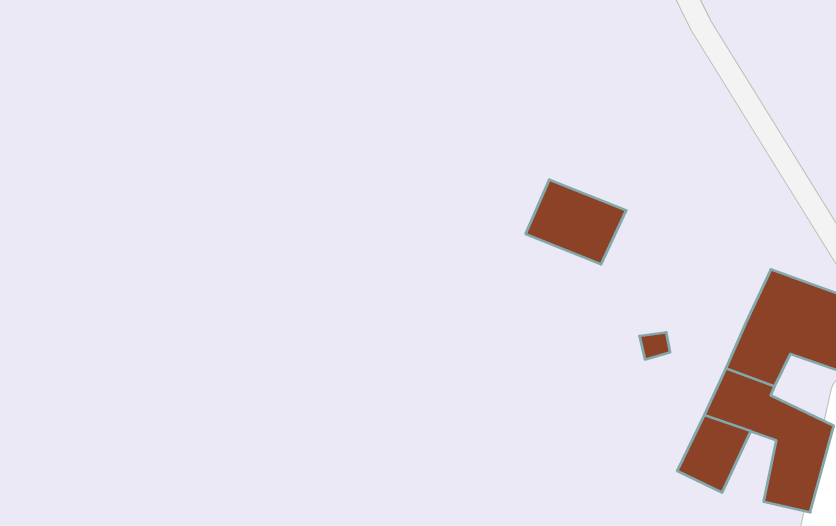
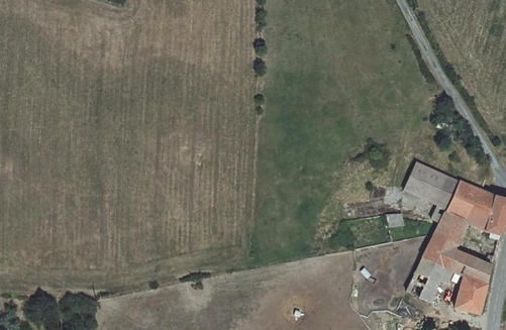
building: [526,180,626,264] -> [402,161,459,209]

